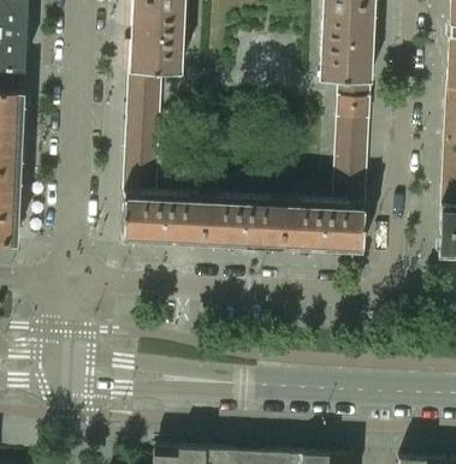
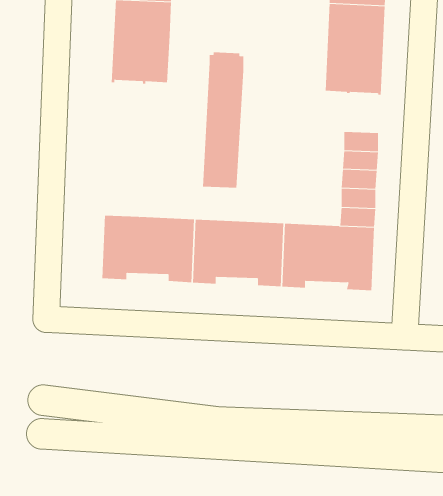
building: [124,72,161,194] -> [202,52,244,188]
building: [337,83,371,119] -> none

